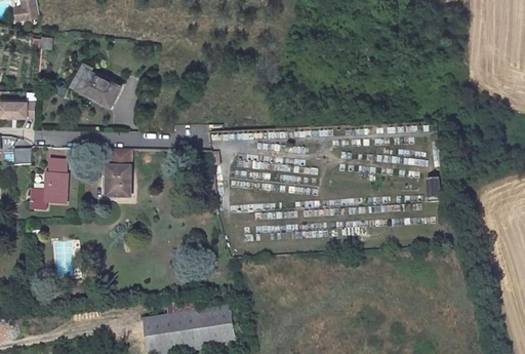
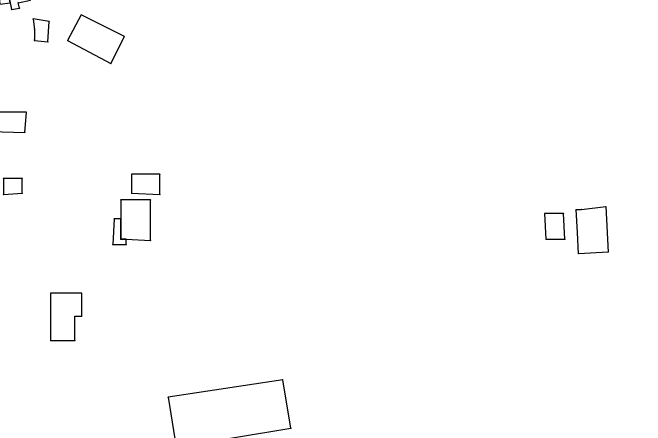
building: [76,70,119,107] -> [68,15,124,64]
building: [31,160,67,209] -> none
building: none -> [576,207,608,254]

